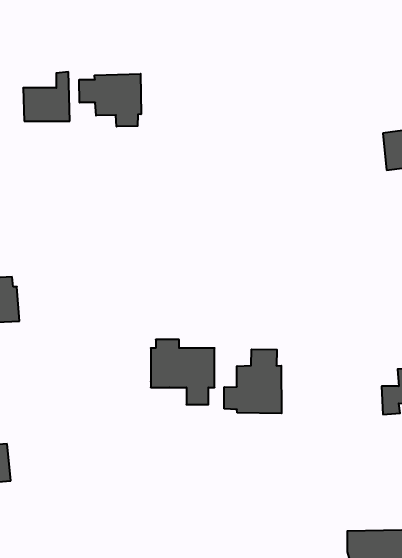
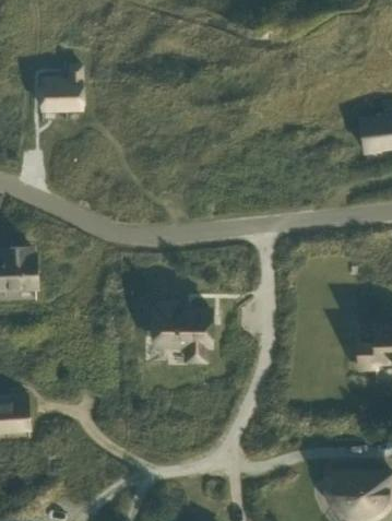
building: [79,74,141,127] -> none
building: [224,349,282,413] -> none

